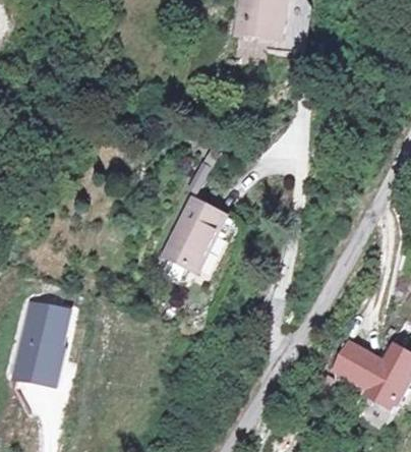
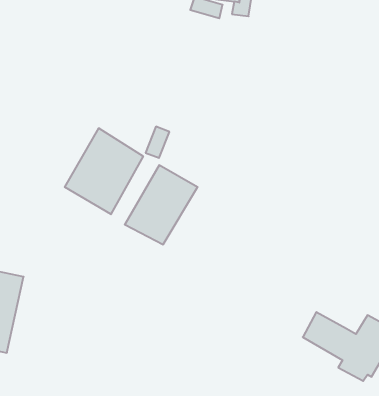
building: none -> [65,128,143,214]

